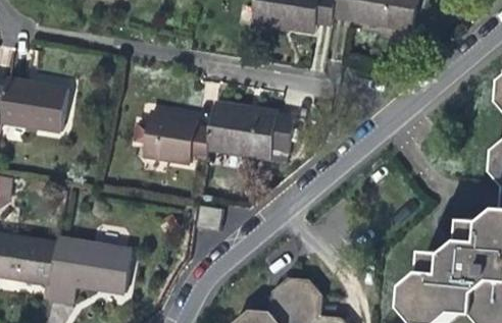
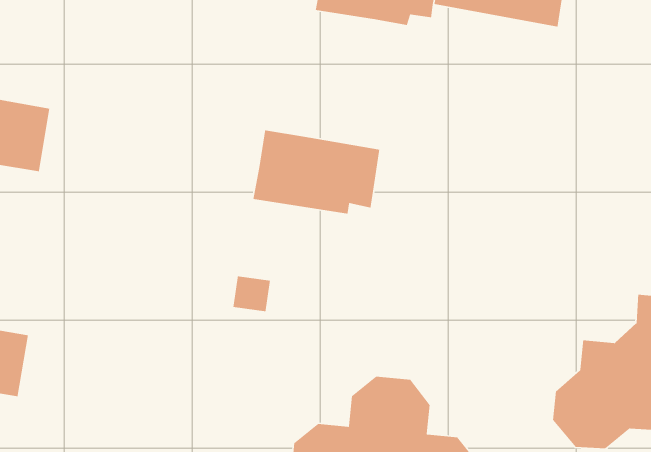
building: [144,111,211,162] -> none
building: [47,239,132,304] -> none

